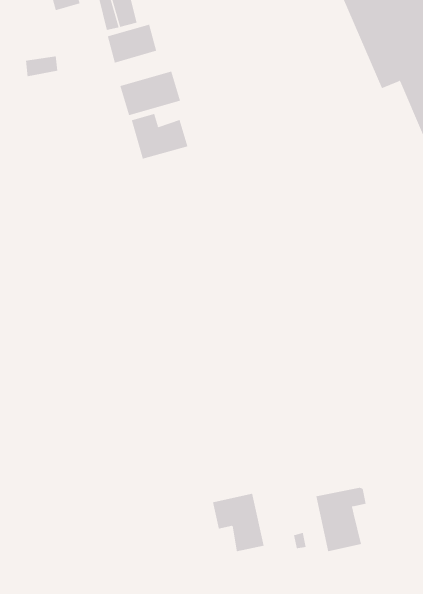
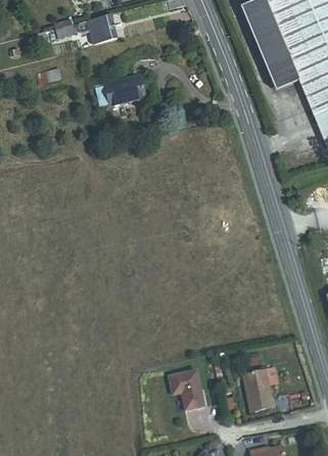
building: [107,24,157,63] -> none
building: [131,113,188,160] -> none

